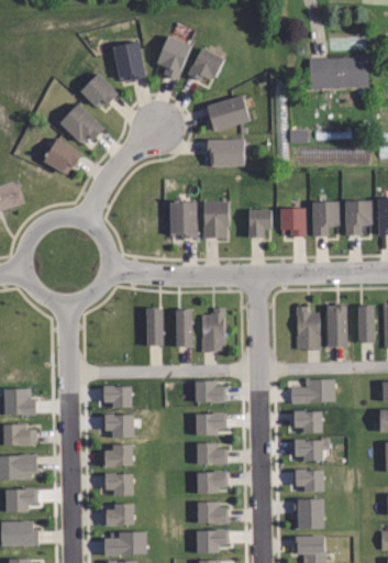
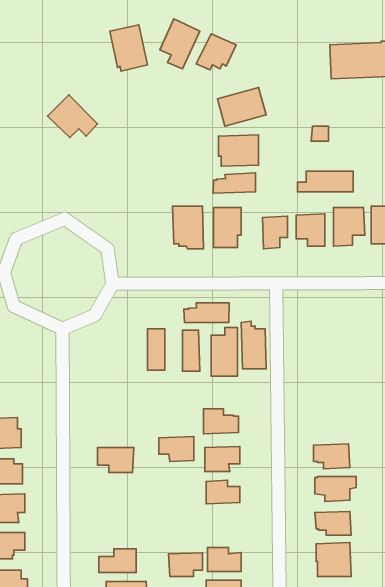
building: [79,73,117,108] -> none
building: [43,140,80,176] -> none
building: none -> [298,171,353,192]
building: none -> [213,173,256,193]
building: none -> [184,303,229,323]
building: [326,306,346,347] -> none
building: [298,307,320,349] -> [241,321,266,369]
building: [291,378,335,401] -> none
building: [102,385,133,407] -> [159,437,194,462]
building: [102,444,135,464] -> none
building: [198,471,228,492] -> [169,553,202,576]
building: [103,473,136,494] -> none

